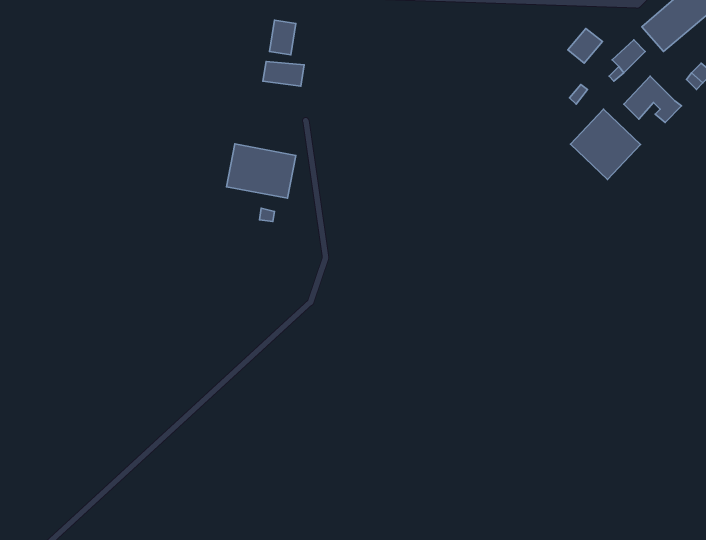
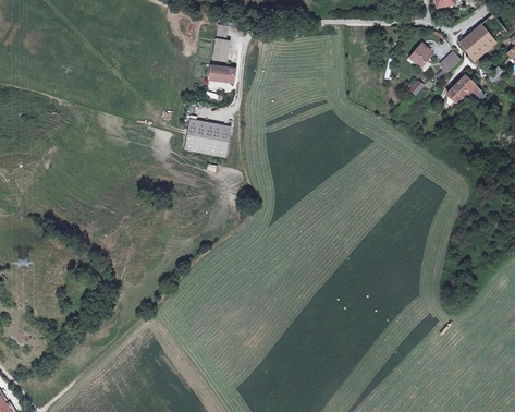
building: [570,109,640,179] -> none

